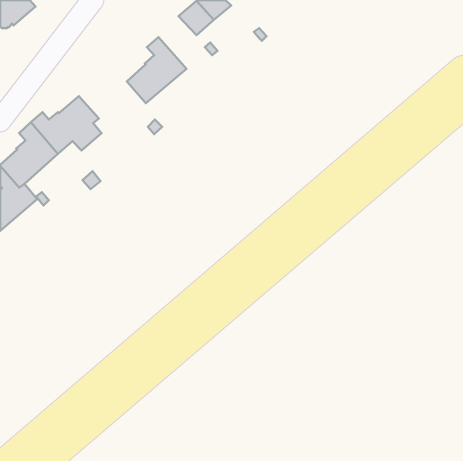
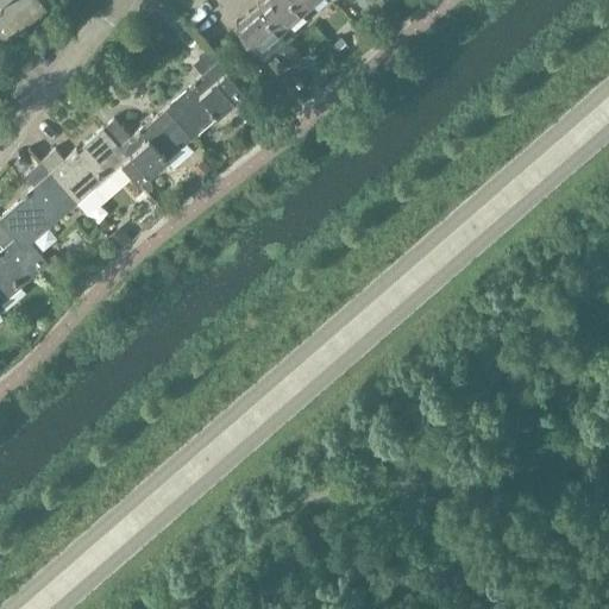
building: none -> [103,109,192,183]

